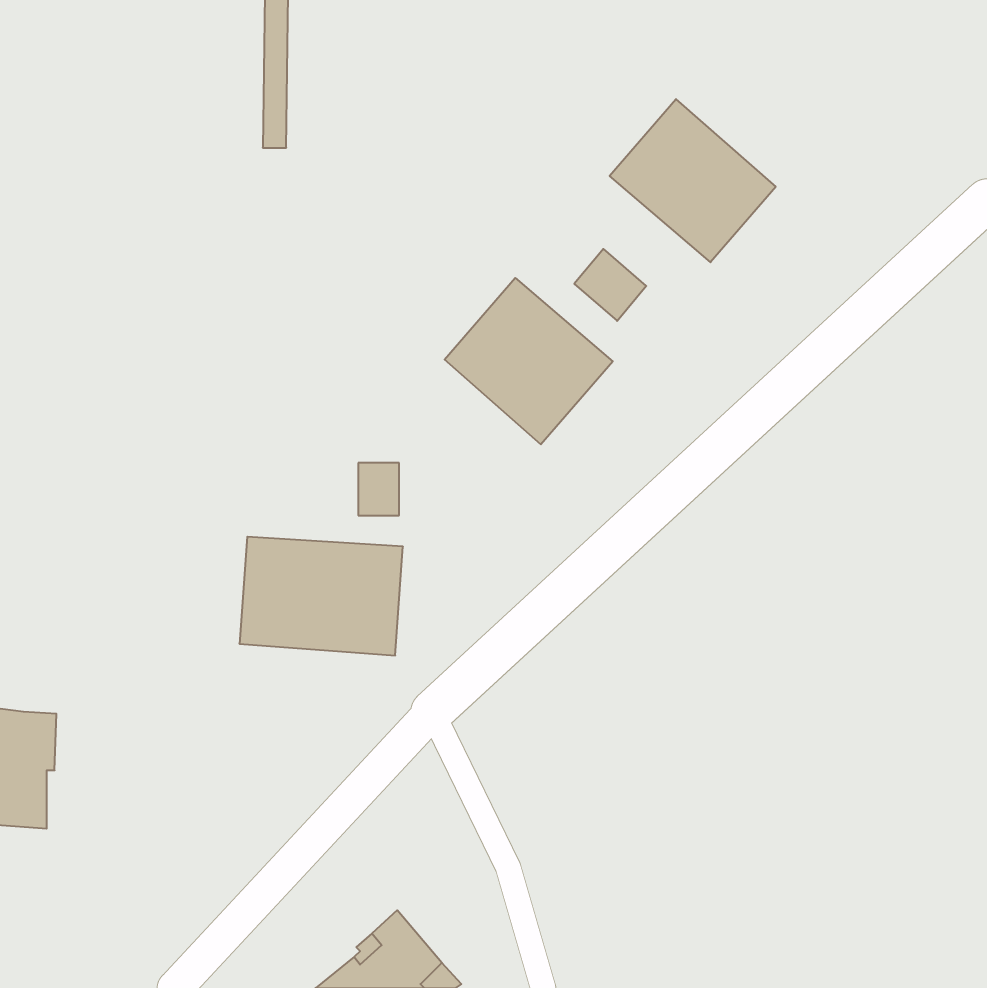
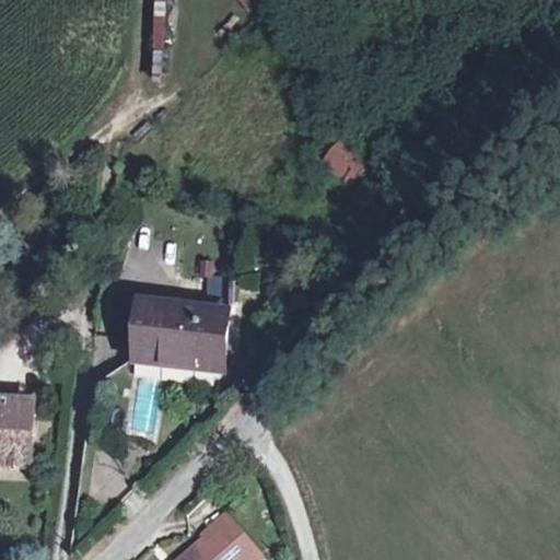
building: [610,99,776,262] -> none
building: [445,278,613,444] -> none

